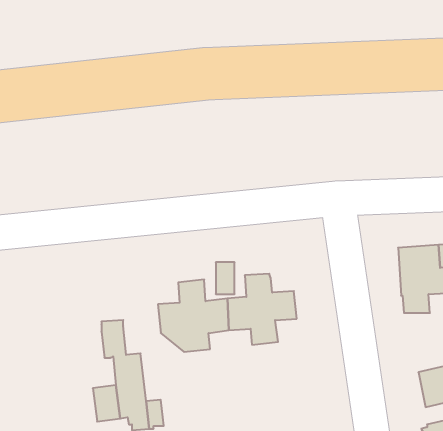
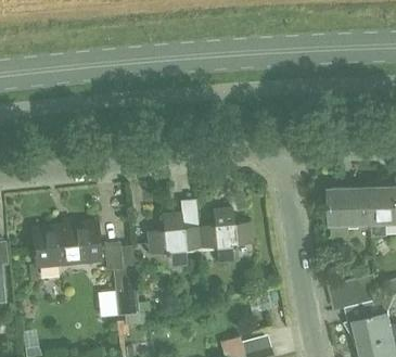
building: none -> [33,222,100,266]

